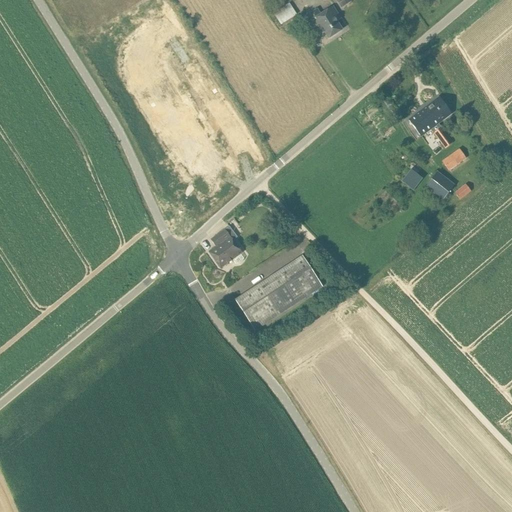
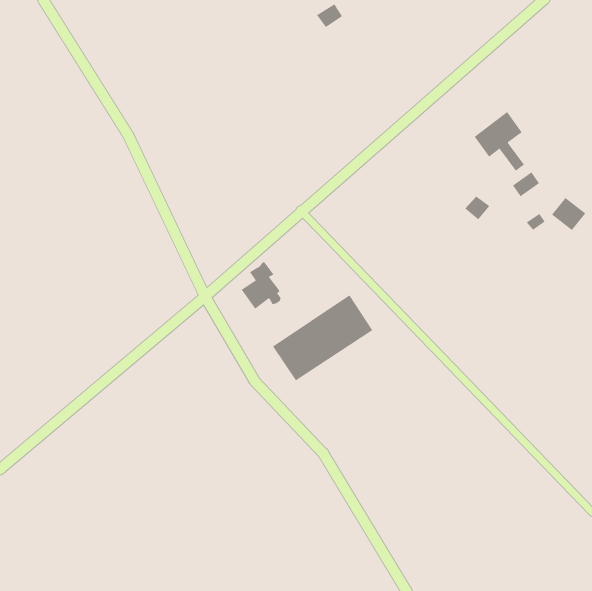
building: [306,6,342,38] -> none
building: [425,171,455,200] -> [551,197,586,231]

